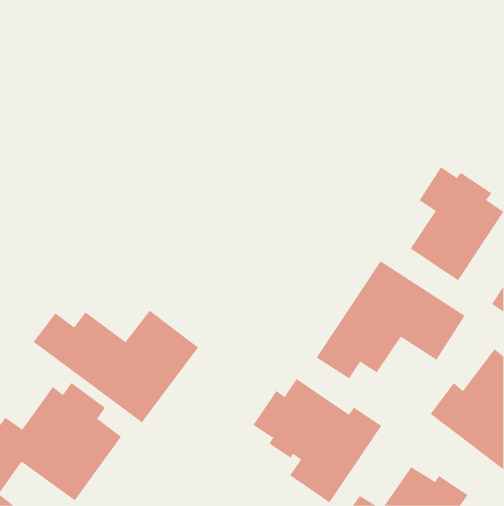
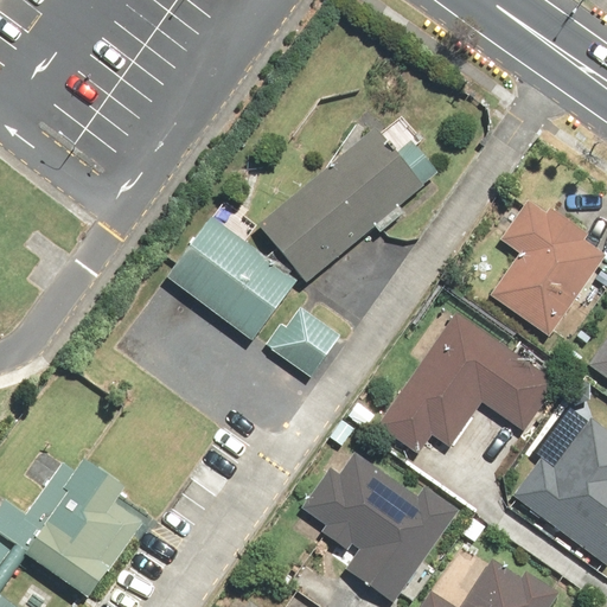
building: none -> [257,127,439,282]
building: none -> [167,216,343,382]
building: [33,310,199,423] -> none

